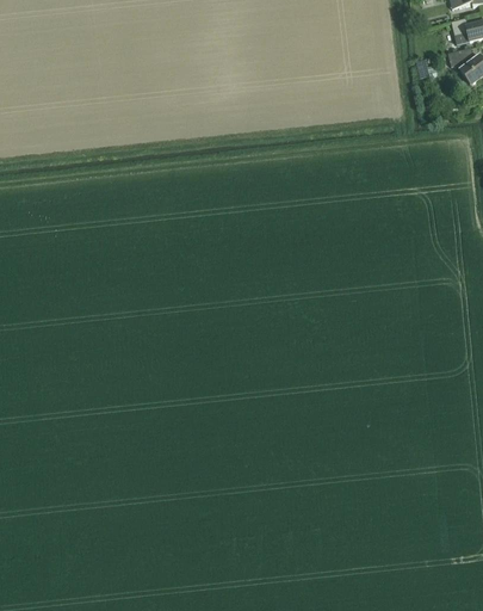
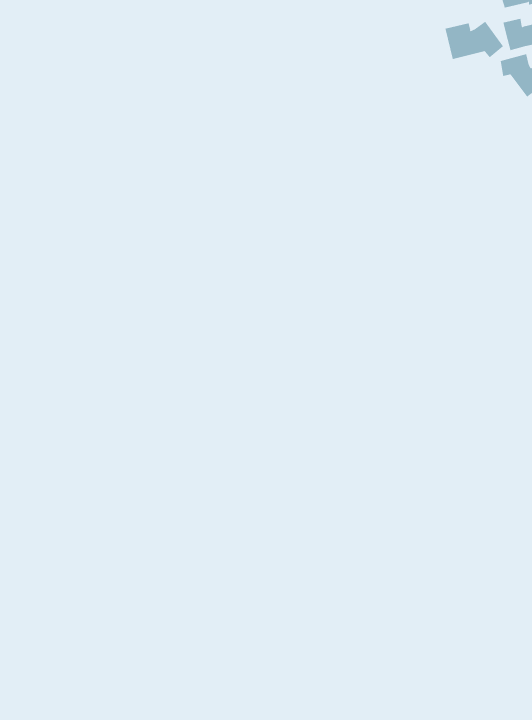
building: none -> [445,21,504,60]

